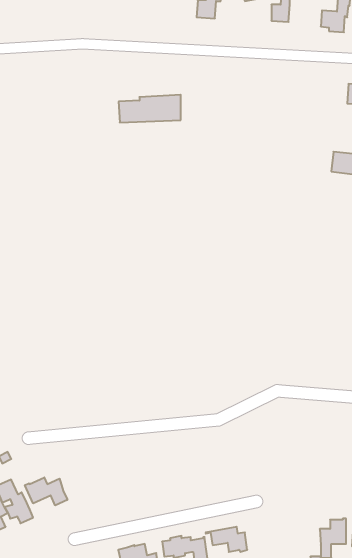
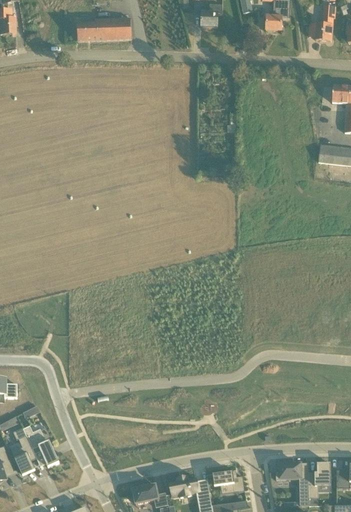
building: [119,95,181,122] -> [77,17,131,41]
building: [25,477,67,505] -> none
building: none -> [276,464,309,486]

